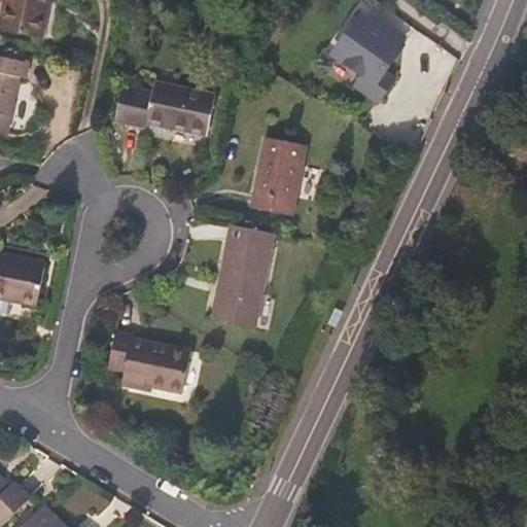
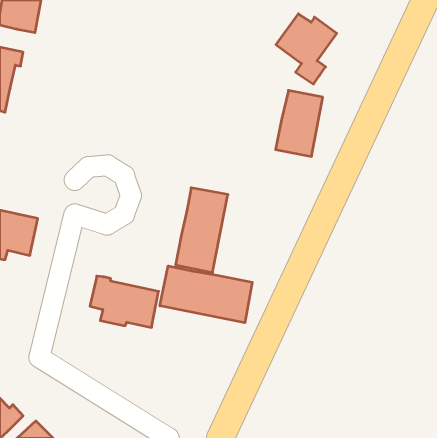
building: [114,82,214,136] -> none
building: [249,137,306,216] -> [276,90,323,156]
building: none -> [160,266,252,323]

